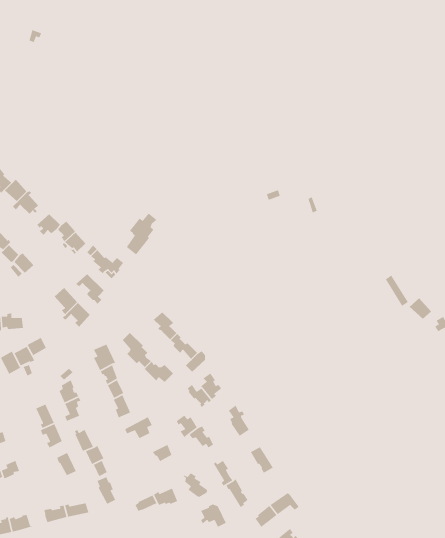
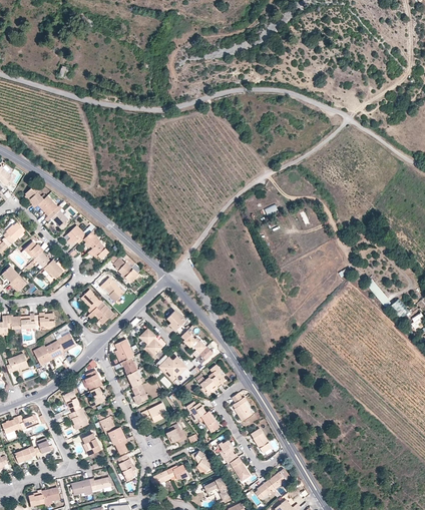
building: [126,213,157,255] -> none

